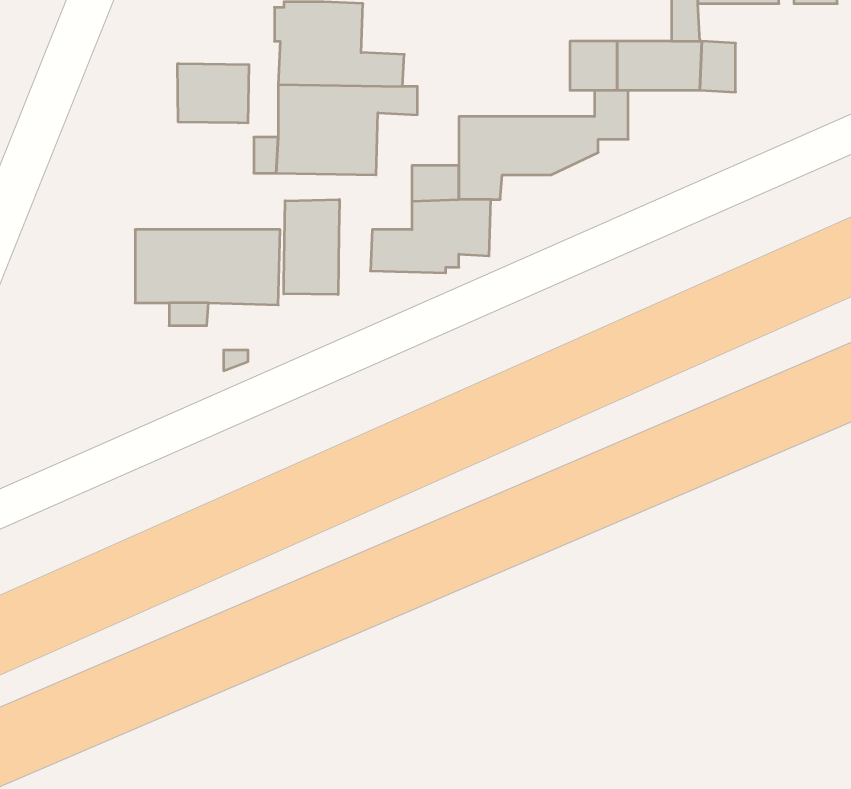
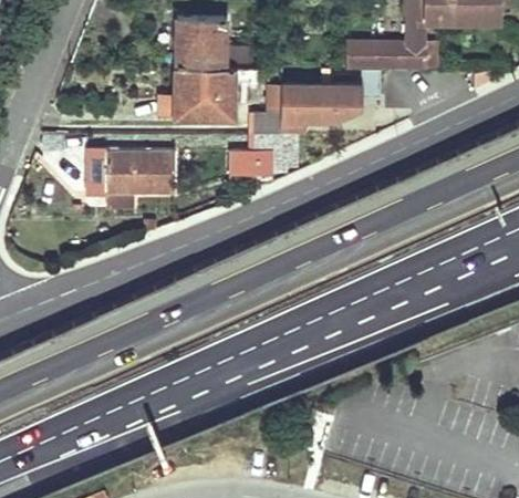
building: [178,64,249,123] -> none
building: [284,199,339,295] -> none

